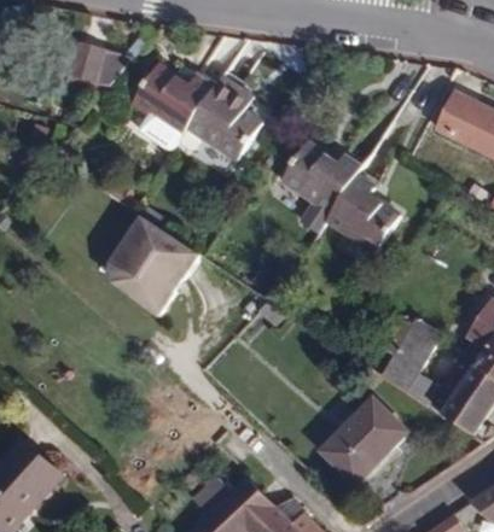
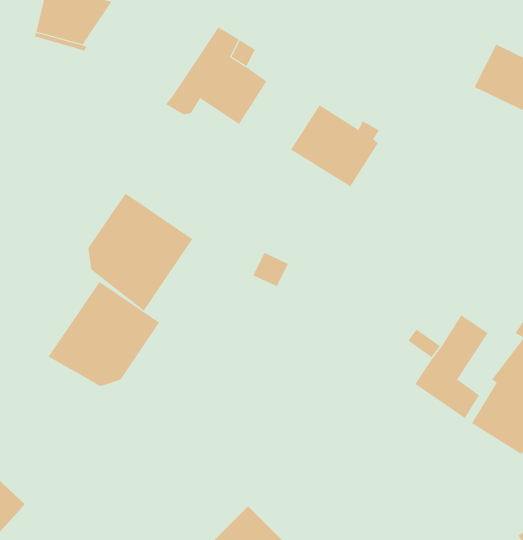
building: [132,64,216,133] -> none
building: [324,174,399,251] -> none
building: none -> [48,281,160,387]
building: [320,396,408,484] -> none

